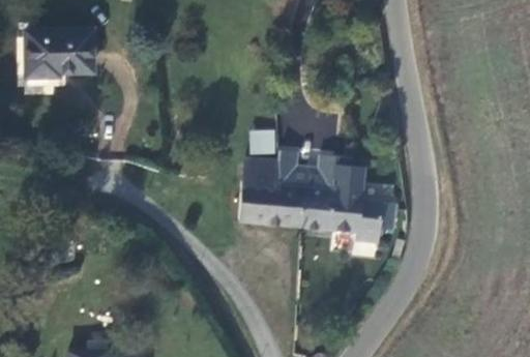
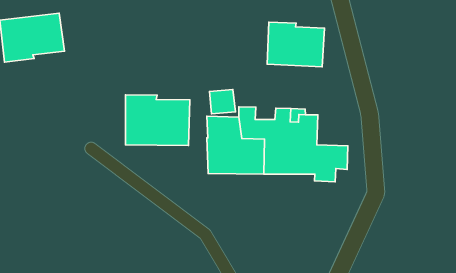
building: none -> [267,22,325,67]
building: none -> [125,95,190,145]

